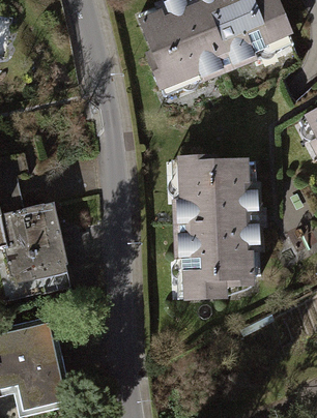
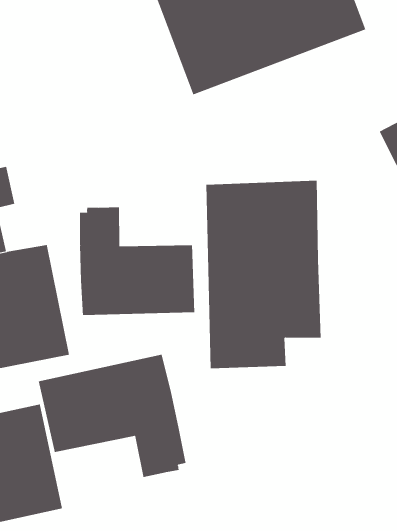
building: none -> [79,207,195,316]
building: none -> [38,354,186,478]

